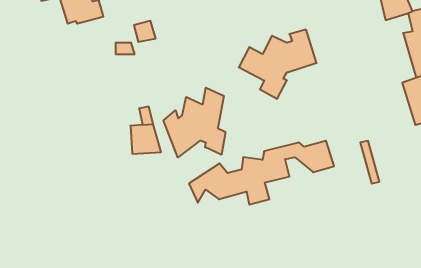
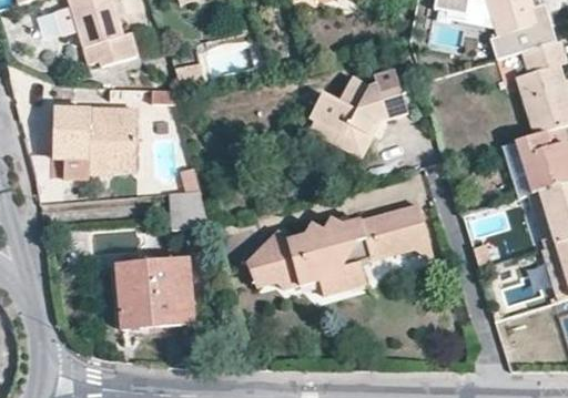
building: none -> [53,108,139,177]
building: [163,88,225,157] -> none
building: none -> [118,258,194,327]

